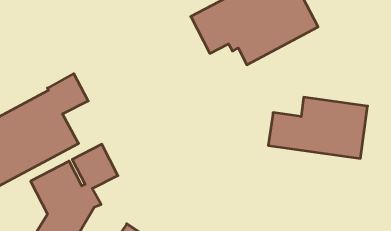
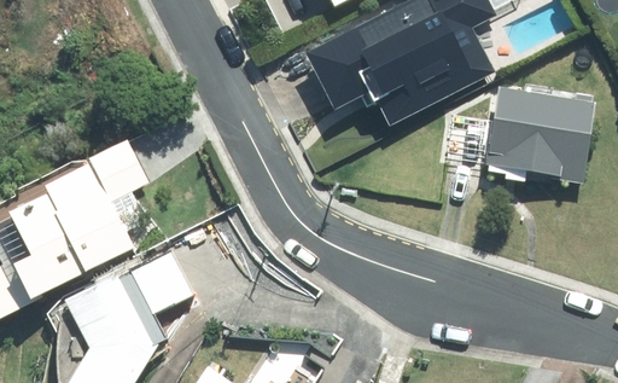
building: [268,97,368,158] -> [444,88,594,180]

